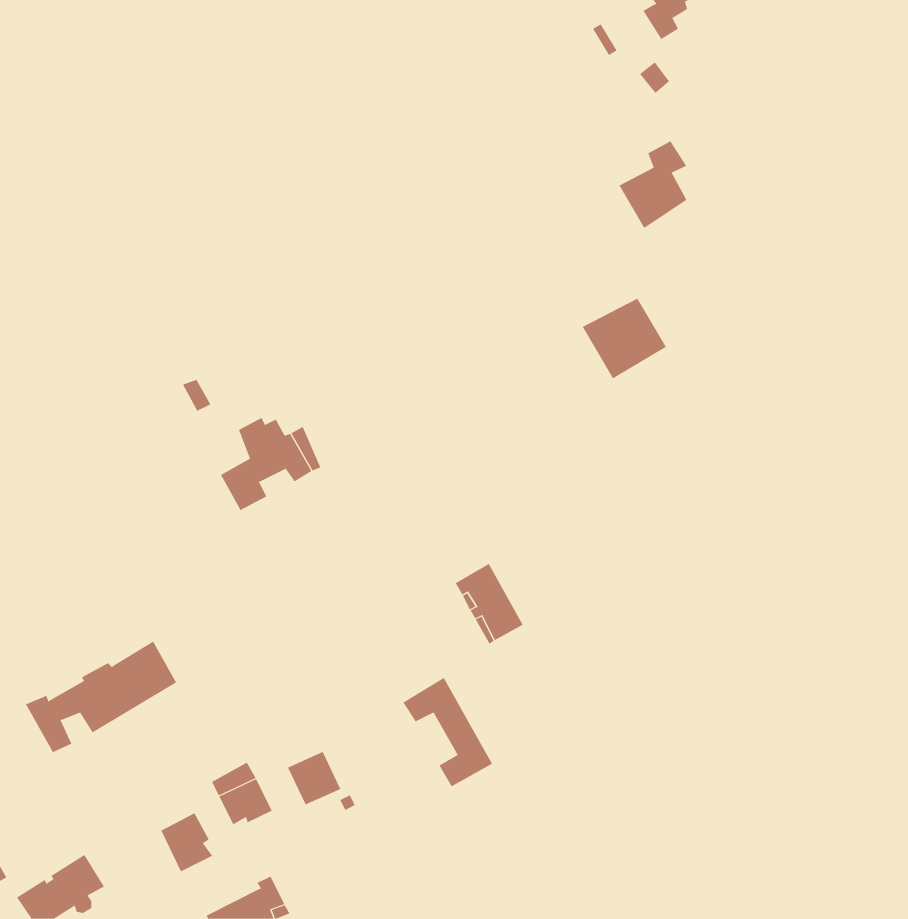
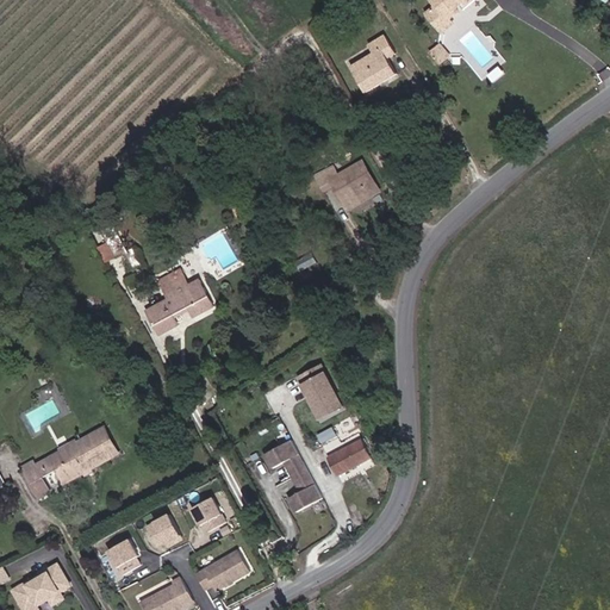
building: [618,140,687,229] -> [348,35,393,93]
building: [582,298,667,379] -> [324,158,380,212]
building: none -> [325,438,373,475]
building: none -> [194,549,247,590]

